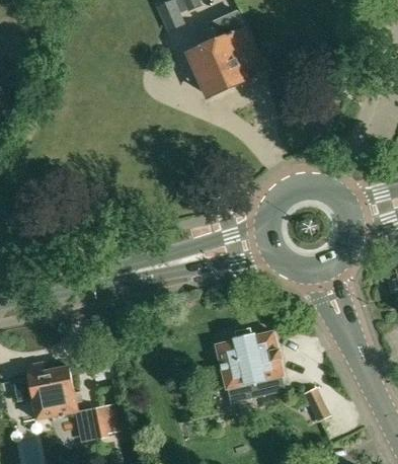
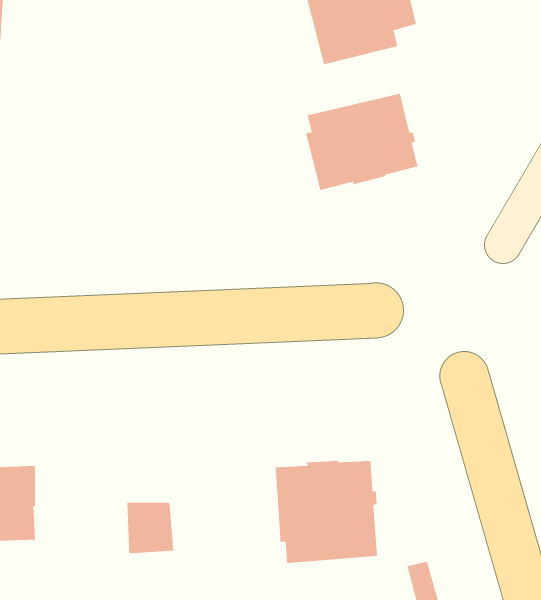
building: none -> [305,93,418,191]
building: [87,404,121,440] -> [127,502,174,554]

